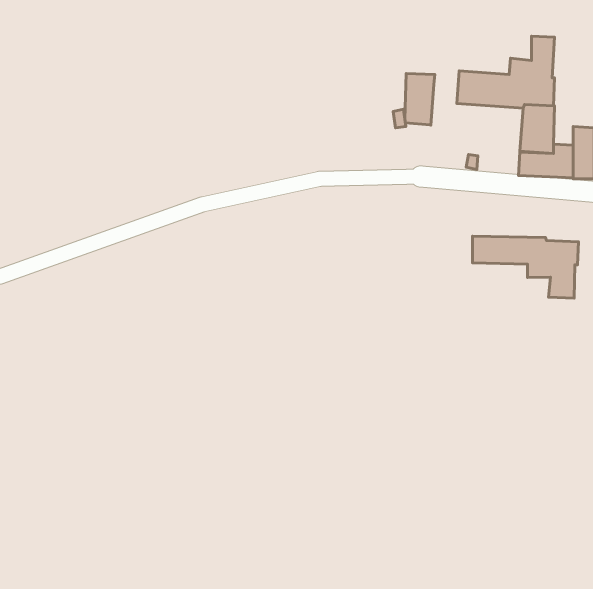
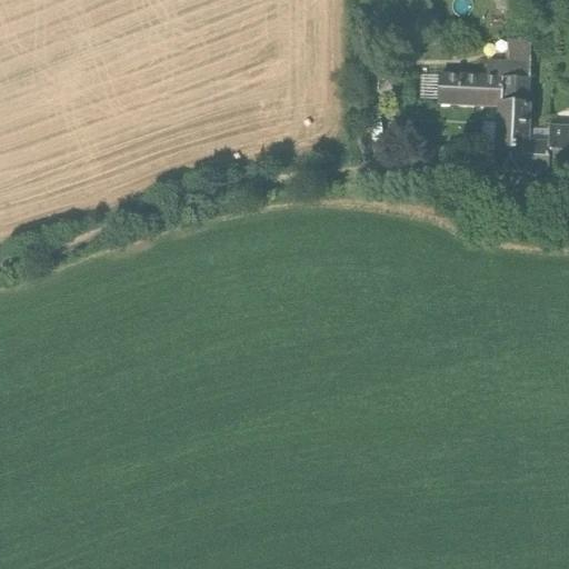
building: [405,73,435,125] -> none
building: [473,236,578,298] -> none

